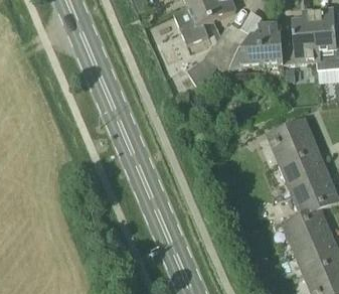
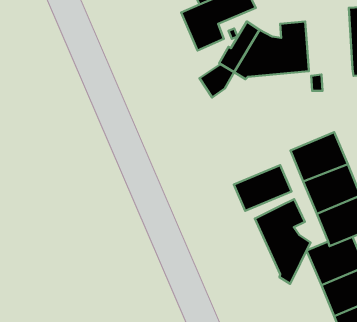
building: [281,9,321,63] -> none
building: none -> [234,165,292,211]
building: none -> [255,199,310,284]

